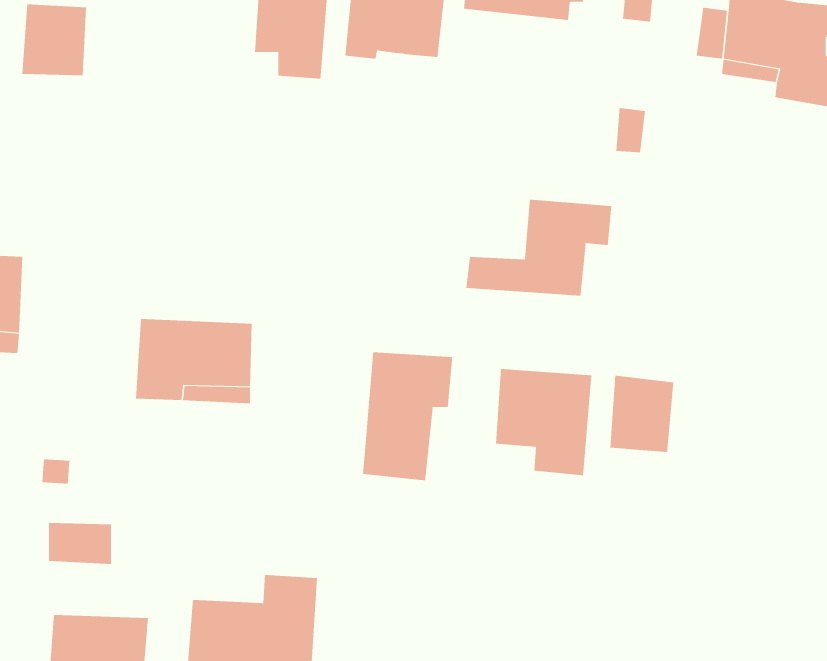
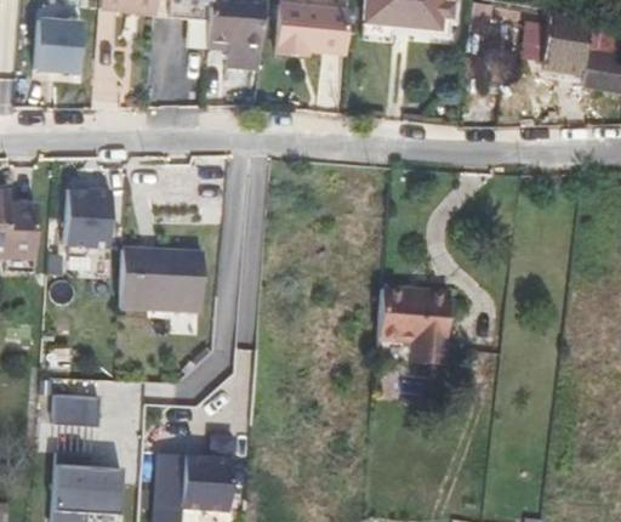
building: [466,199,612,296] -> none
building: none -> [63,188,112,248]
building: [363,351,453,481] -> none
building: [610,375,674,453] -> none

